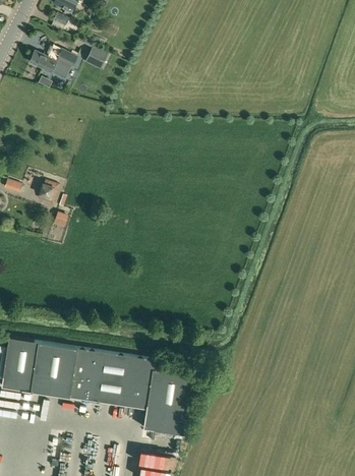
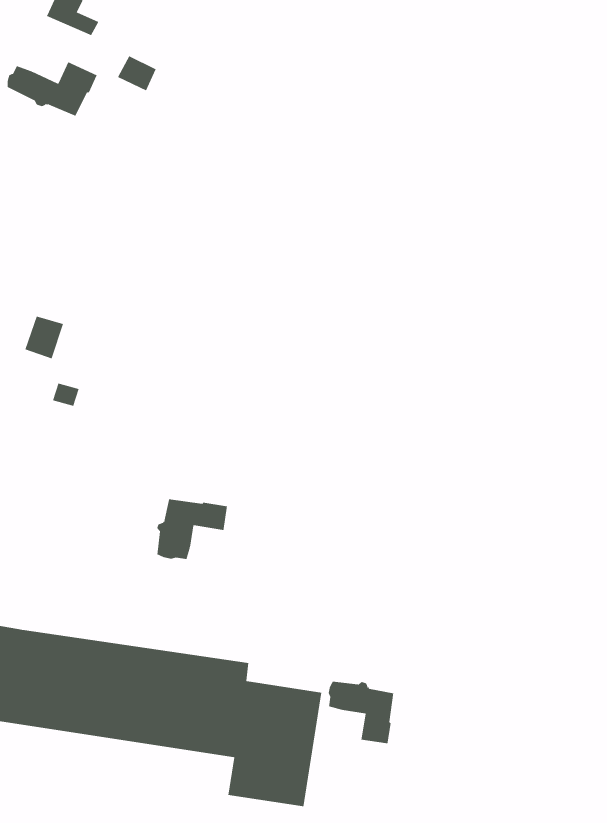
building: none -> [156,499,228,560]
building: none -> [328,681,394,744]

